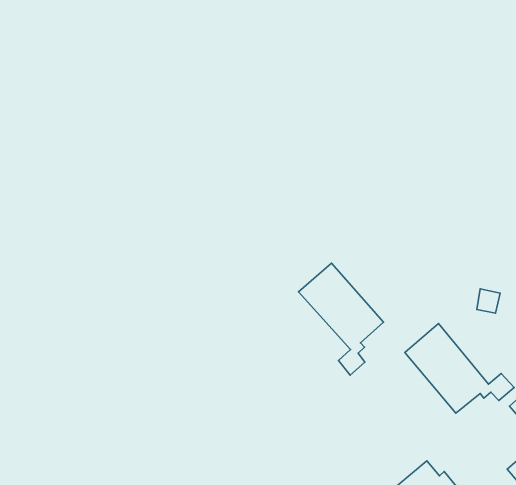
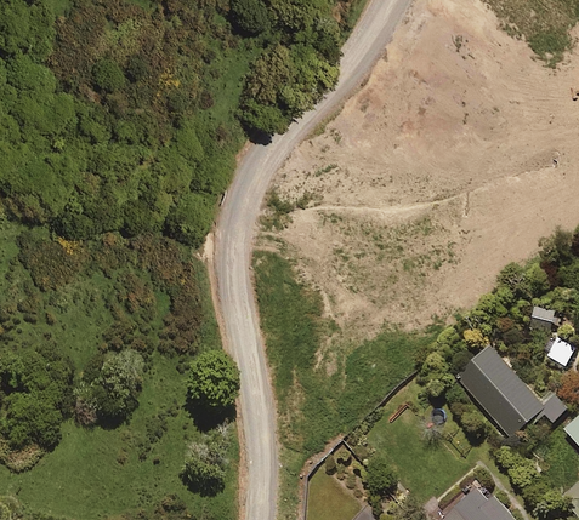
building: [299,263,383,375] -> none

